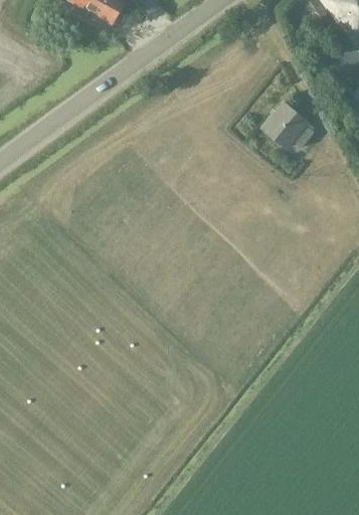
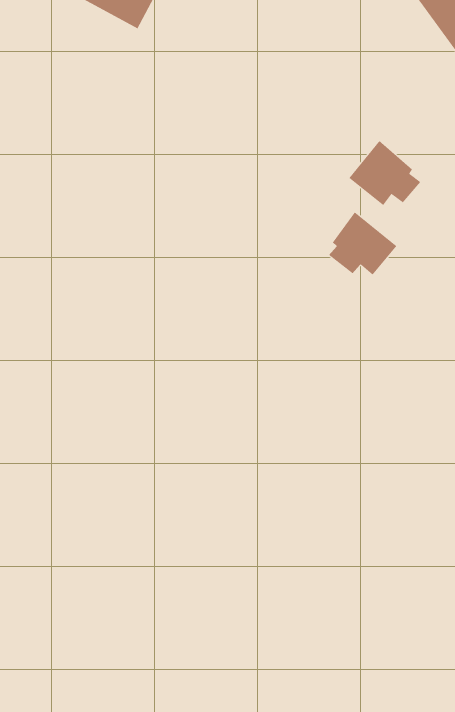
building: none -> [328,211,397,276]

